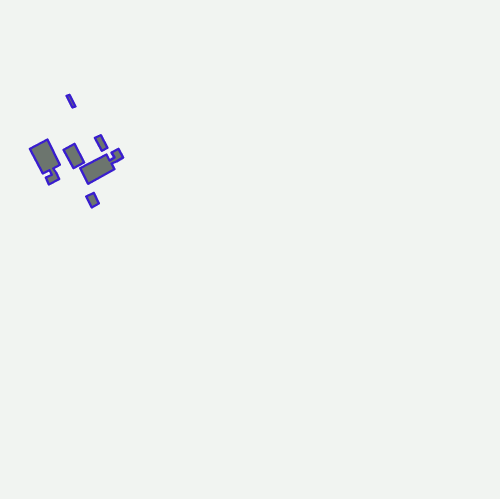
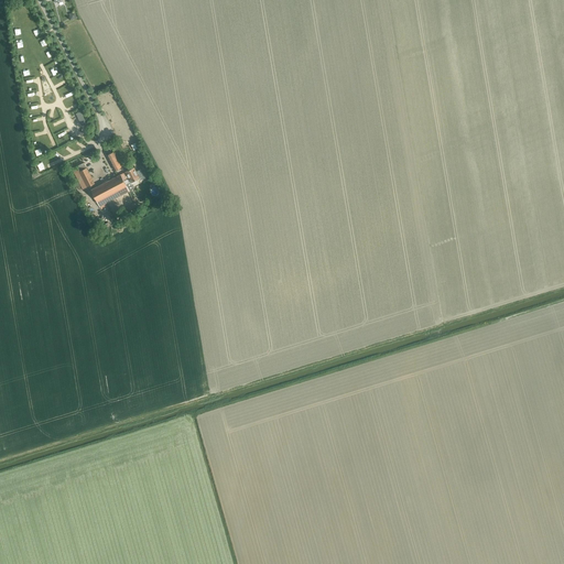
building: [30,139,60,184] -> none

